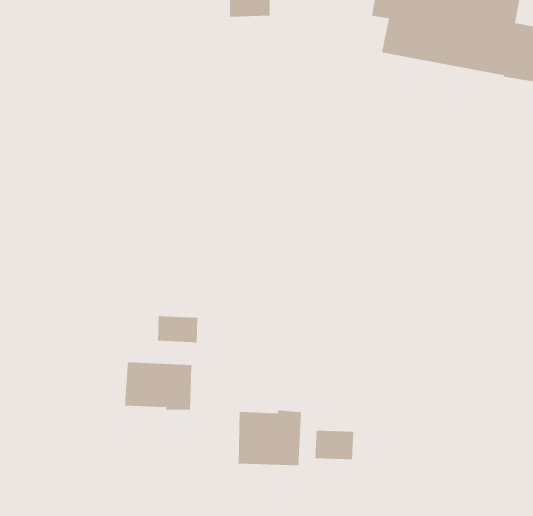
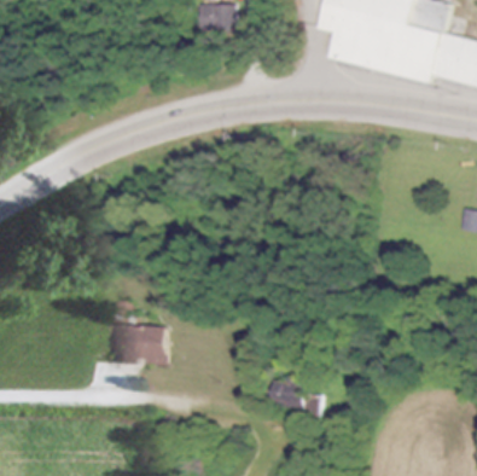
building: [157,316,198,343] -> none
building: [238,410,302,466] -> none

